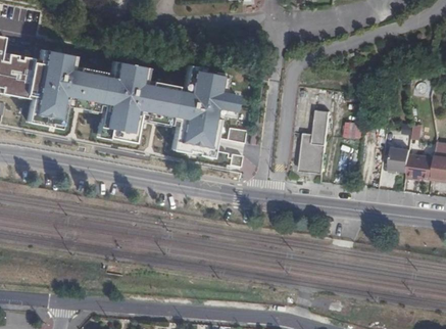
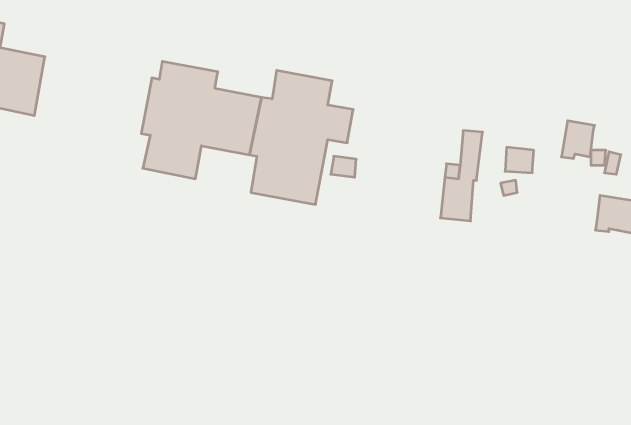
building: [26,49,105,130] -> none
building: [388,146,410,172] -> [561,121,595,158]

